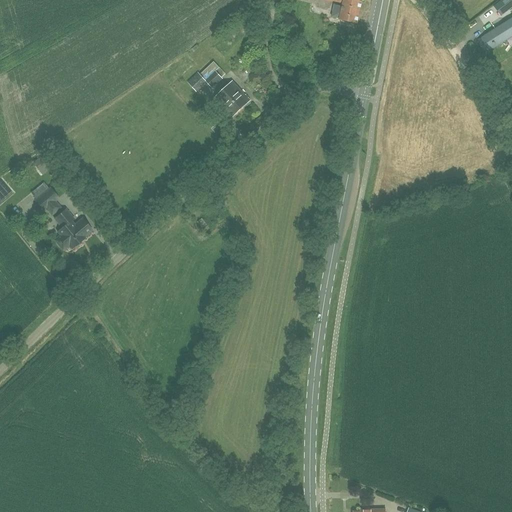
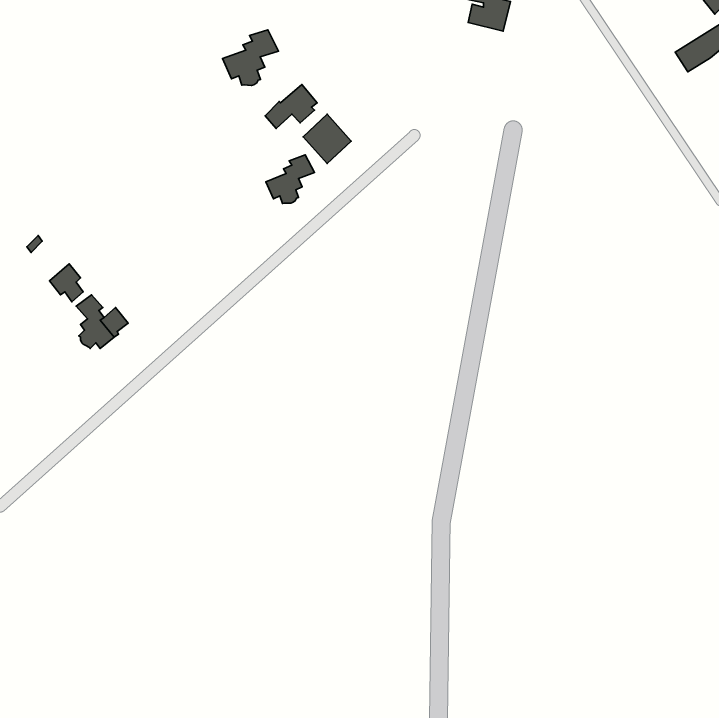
building: none -> [222,30,279,85]
building: none -> [266,155,314,204]

